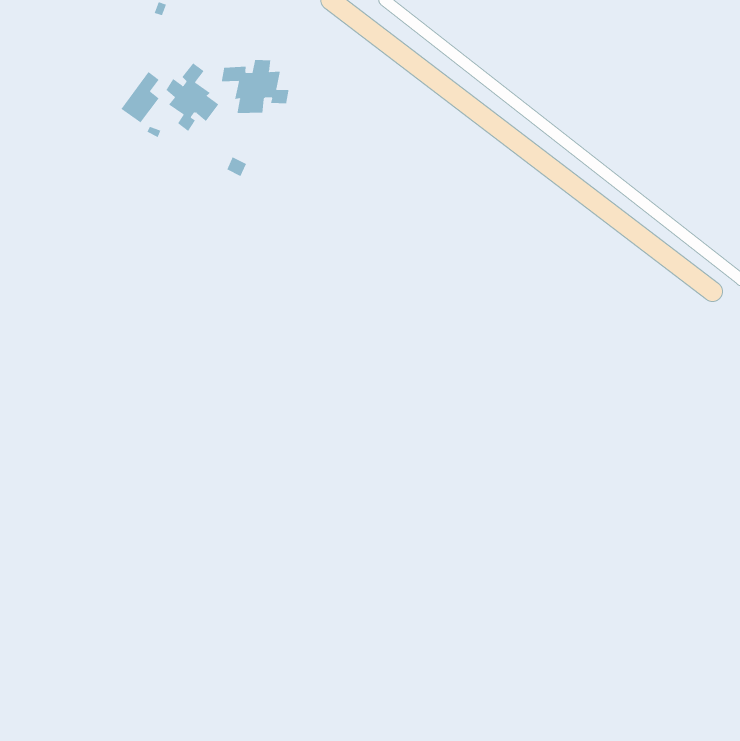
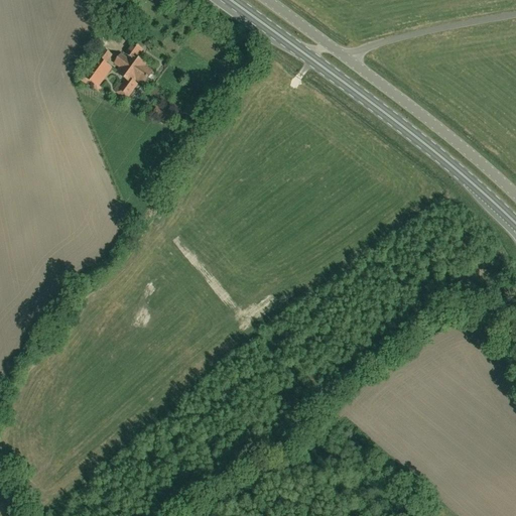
building: [221,59,289,114] -> none

